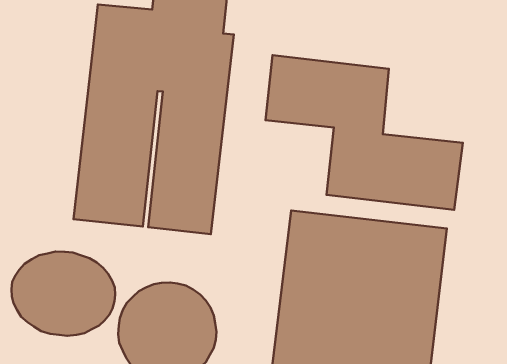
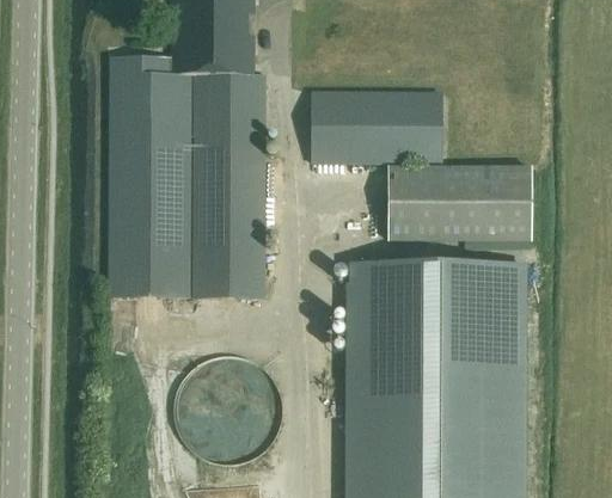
building: [11,252,115,336] -> none

